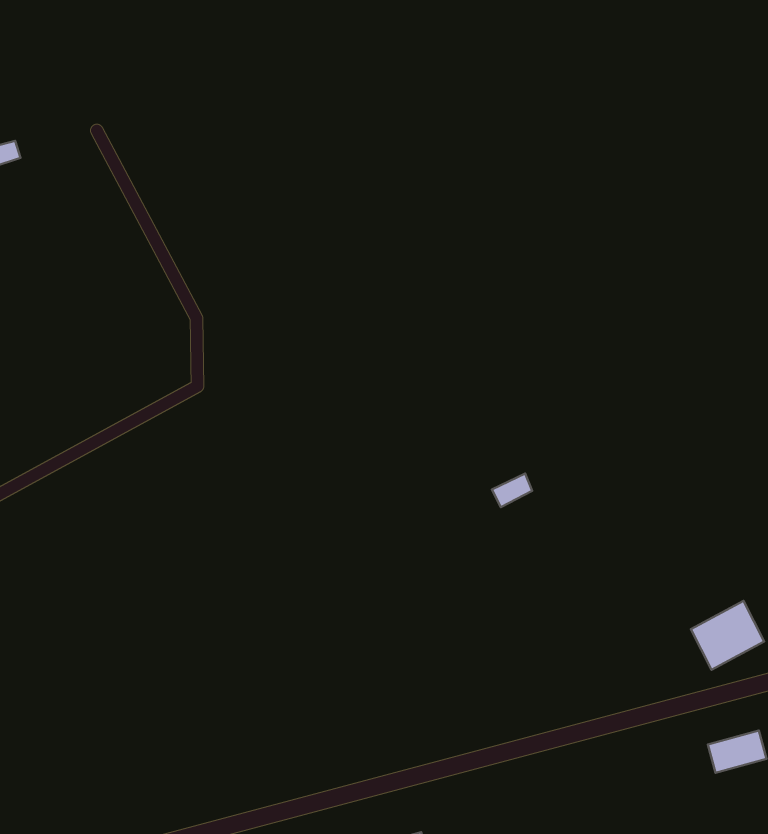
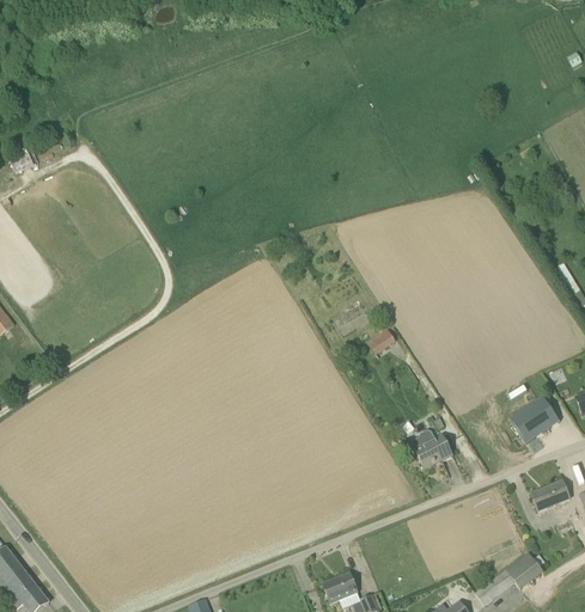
building: none -> [410,429,452,467]

